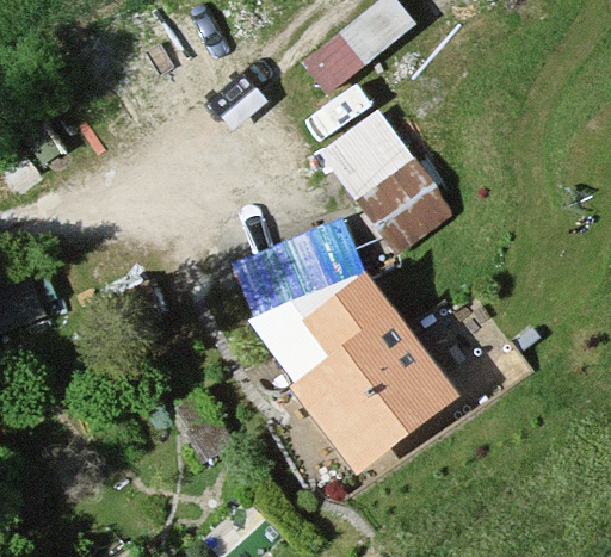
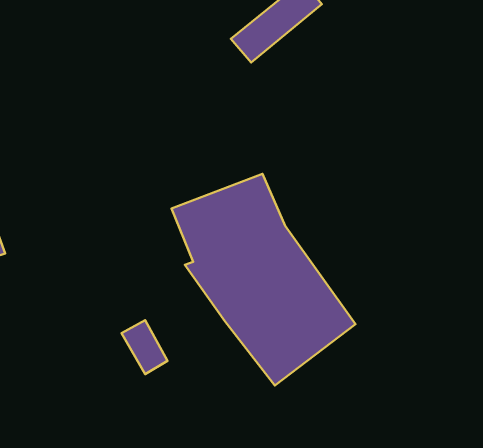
building: [327,112,453,250] -> none

